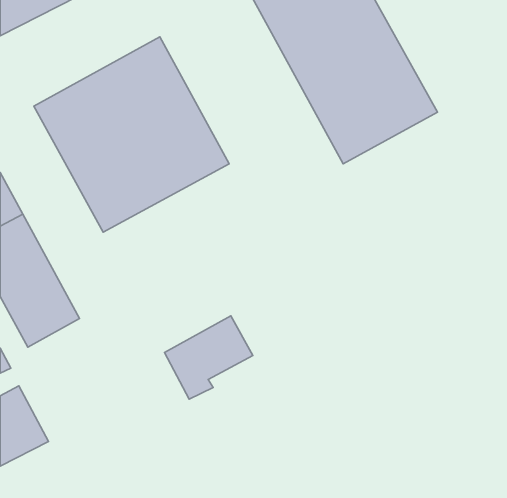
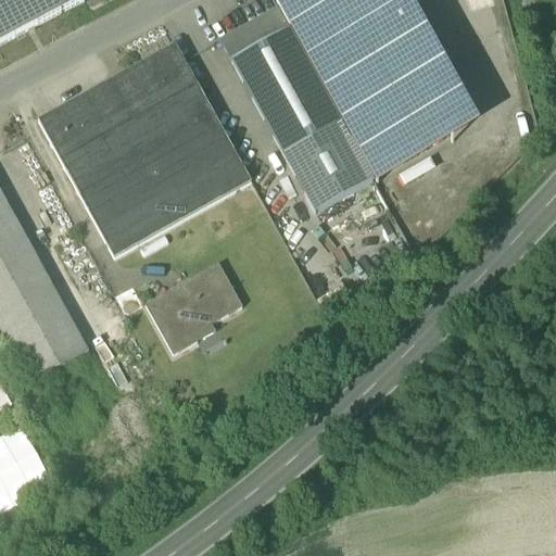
building: none -> [220,5,372,210]
building: [165,316,253,399] -> [146,262,242,353]

